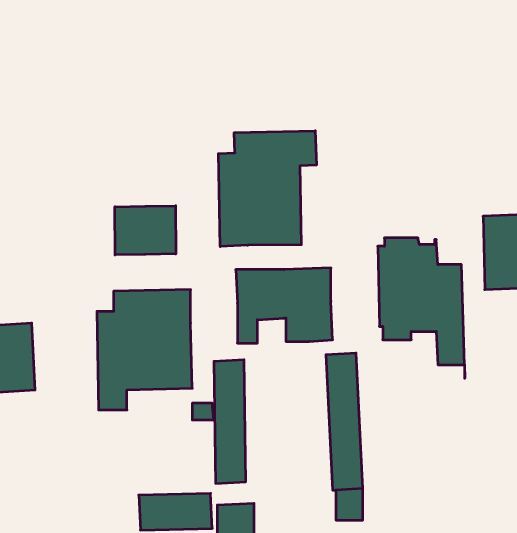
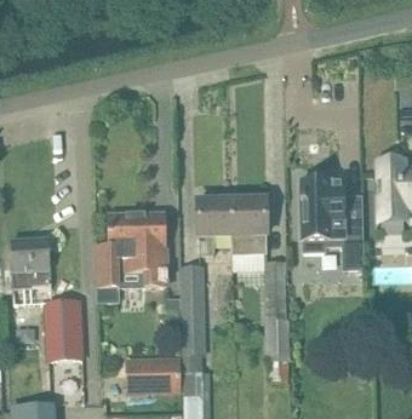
building: [218,131,316,247] -> none
building: [115,206,176,255] -> none
building: none -> [45,299,81,358]

